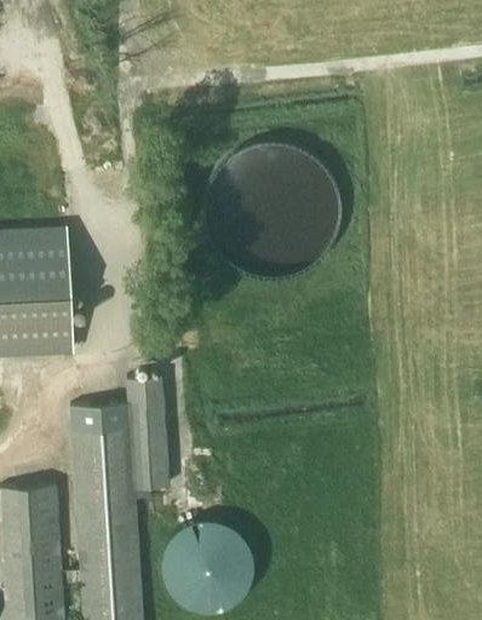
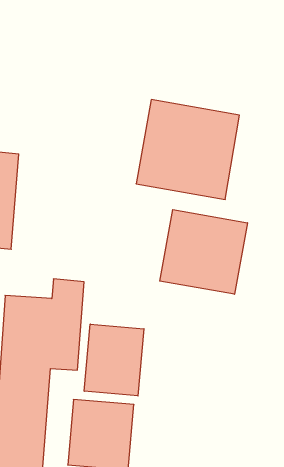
building: none -> [160,210,247,294]
building: none -> [84,324,144,396]

